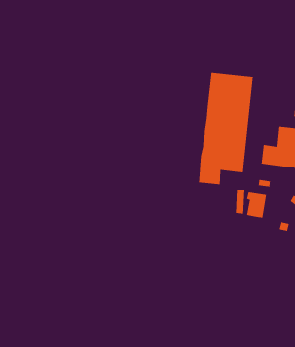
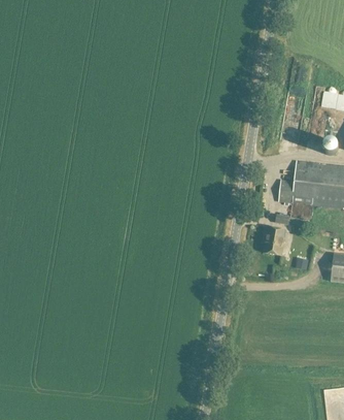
building: [198,72,253,185] -> none

